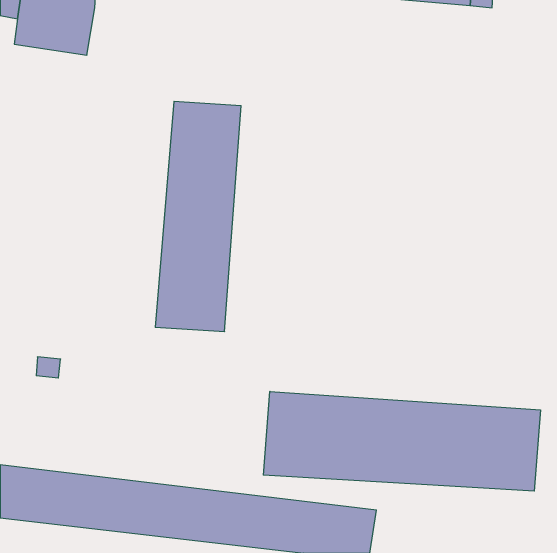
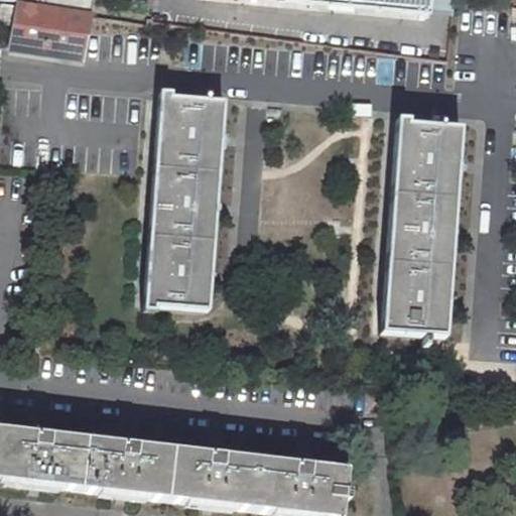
building: none -> [385,120,463,330]
building: [263,391,540,491] -> none

